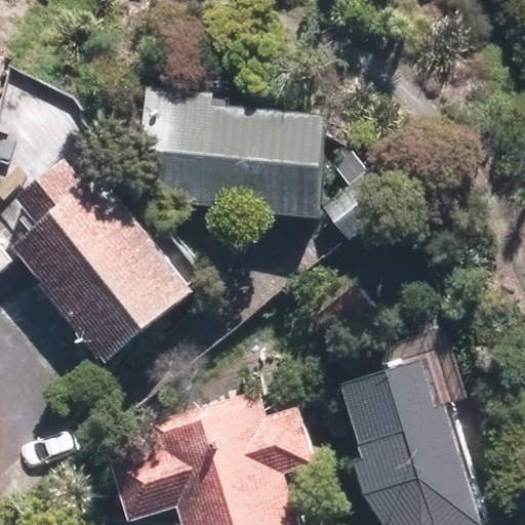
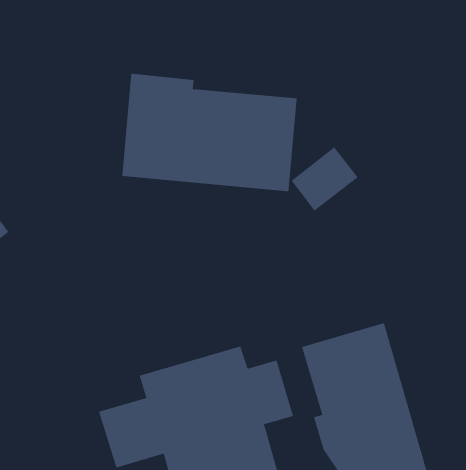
building: [13,156,201,367] -> none

